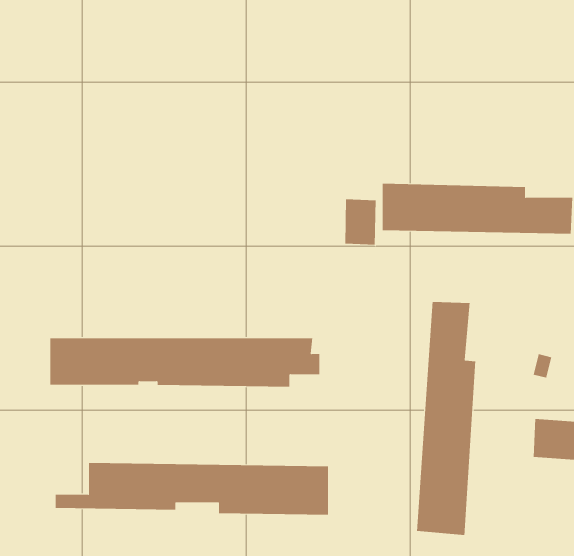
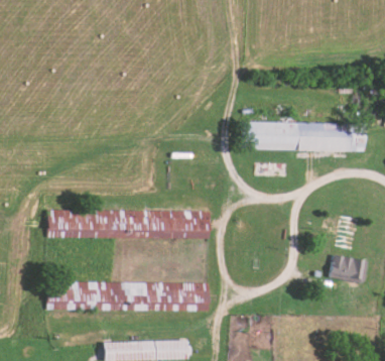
building: [345,199,376,246] -> none
building: [416,301,476,536] -> none

